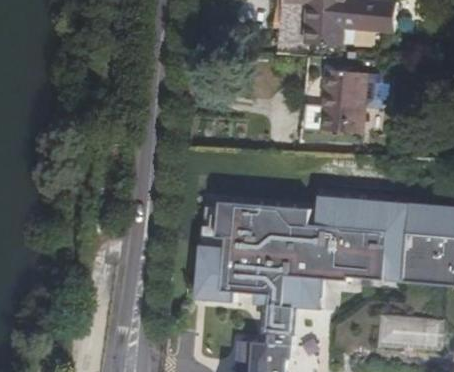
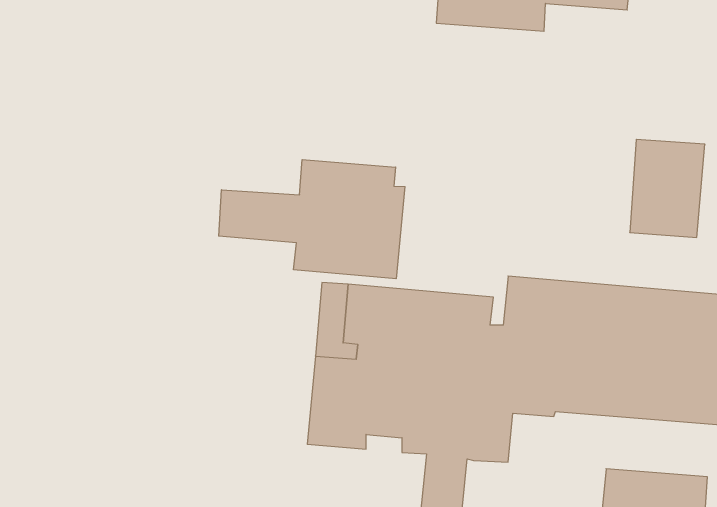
building: [322,70,368,130] -> [630,139,705,237]
building: none -> [219,160,405,279]

